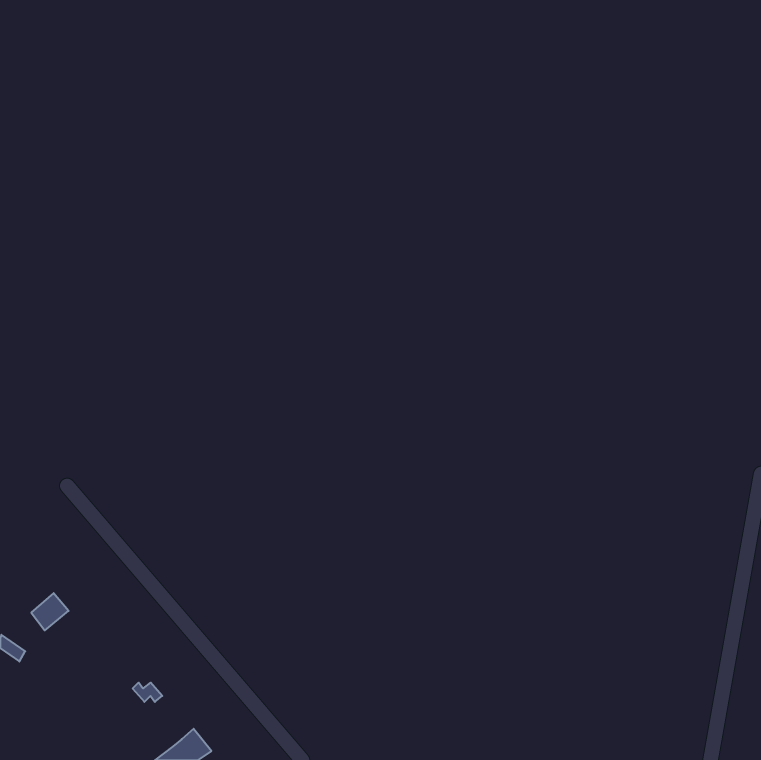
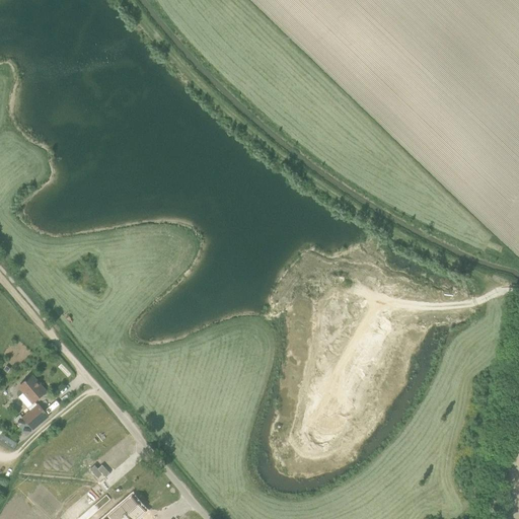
building: none -> [16,374,44,402]

